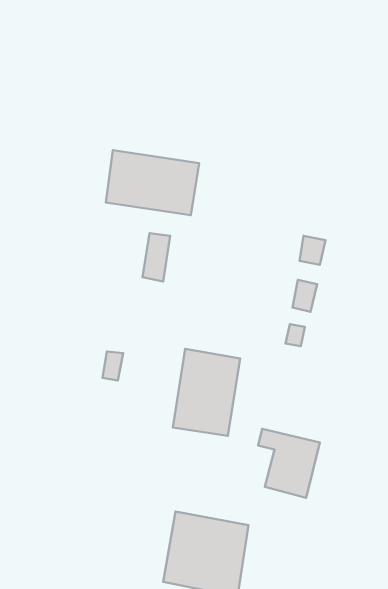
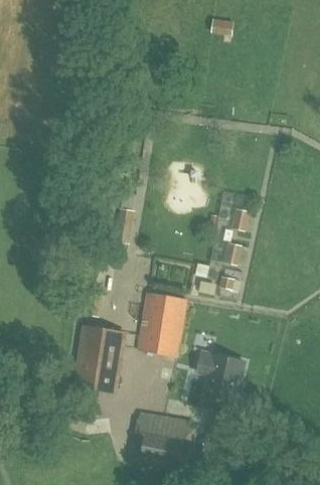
building: [106,150,199,215] -> none
building: none -> [72,325,123,391]

